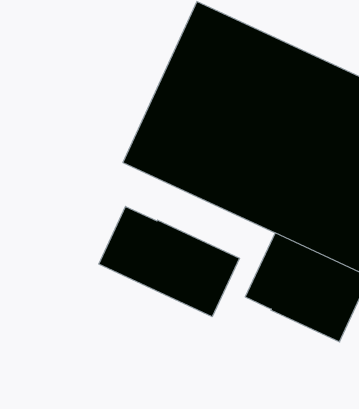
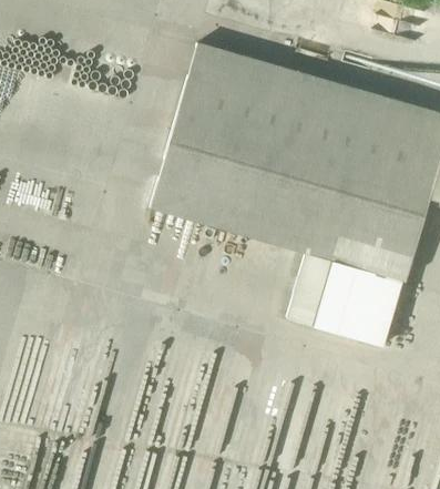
building: [99,206,240,317] -> none

